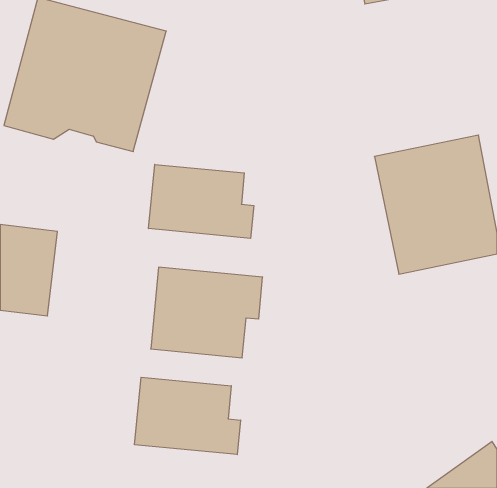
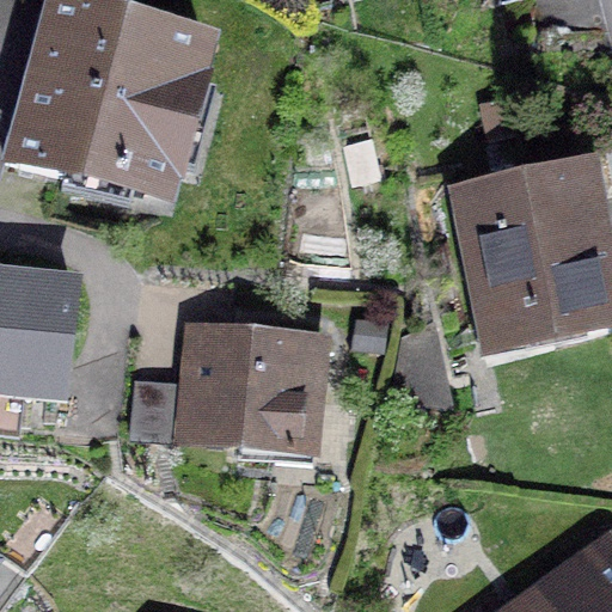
building: [149,164,254,238] -> none
building: [135,377,241,455] -> none

